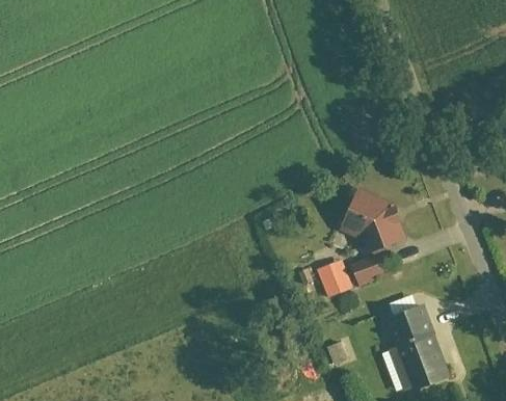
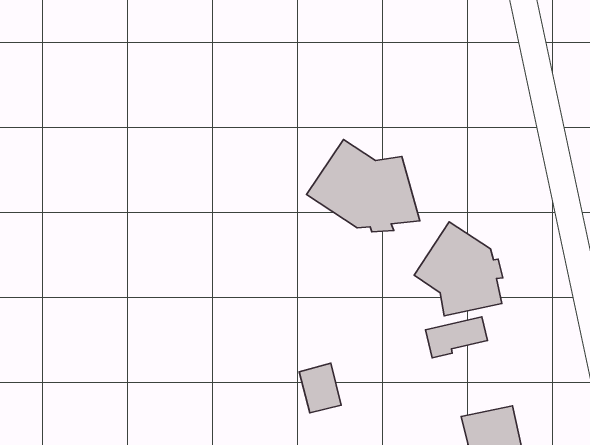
building: none -> [307,139,420,232]
building: [319,259,351,295] -> [299,363,341,413]

